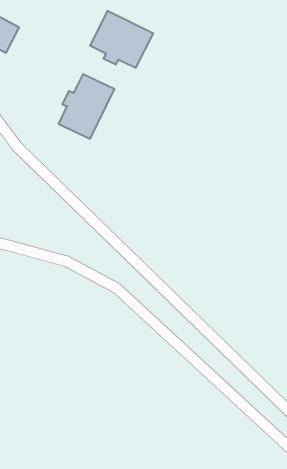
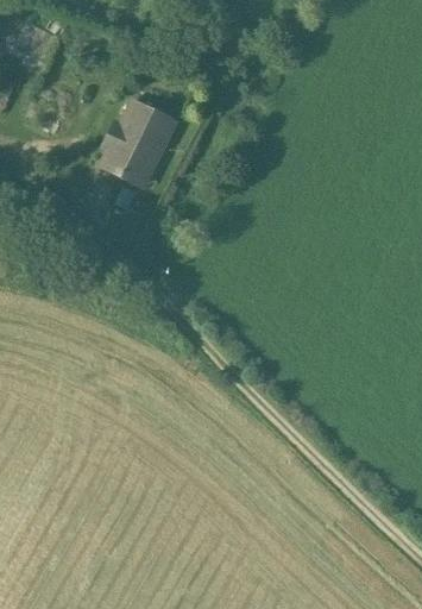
building: [90,11,153,68] -> none

